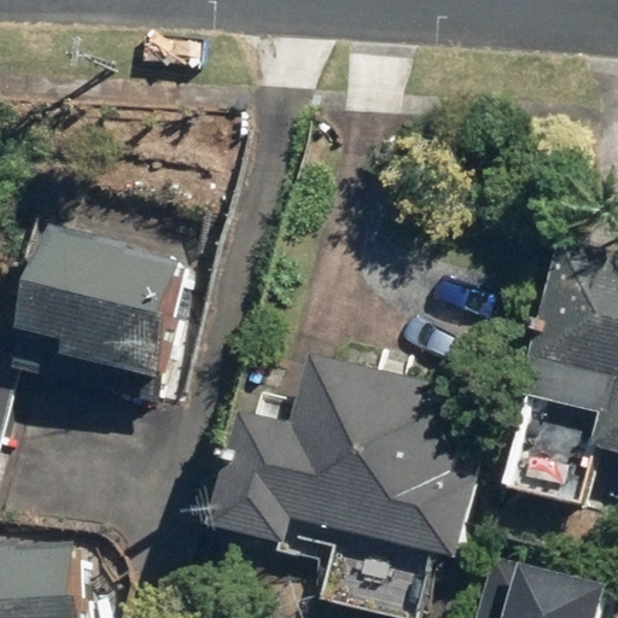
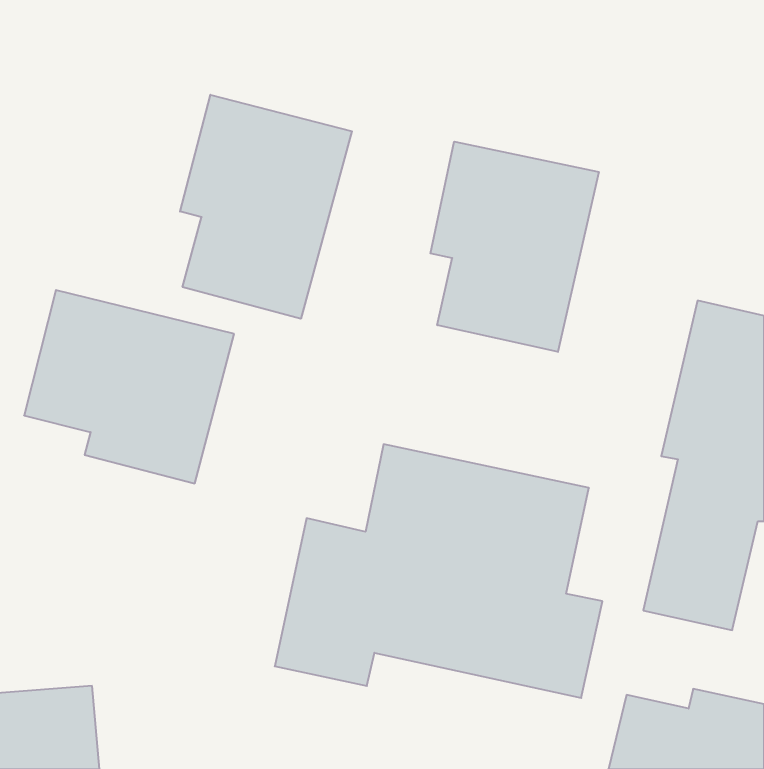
building: none -> [180,95,352,319]
building: none -> [430,142,599,352]

